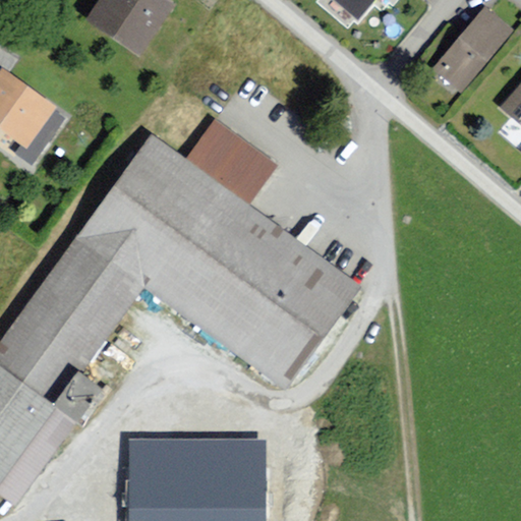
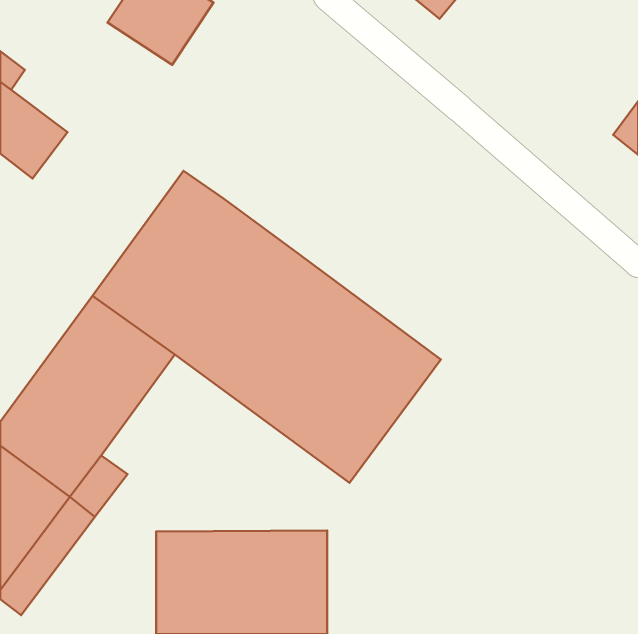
building: [432,5,515,91] -> none
building: [182,119,276,208] -> none

